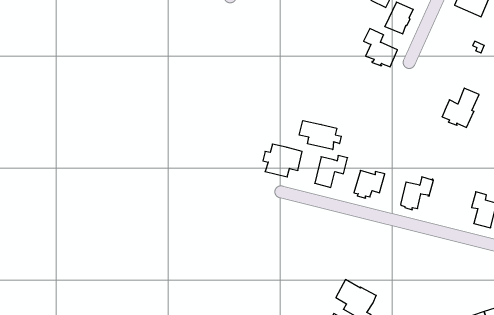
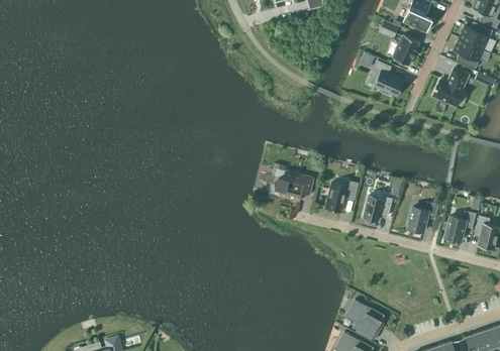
building: none -> [454,38,484,69]
building: [442,88,479,127] -> [432,69,468,106]
building: [299,121,341,150] -> none
building: none -> [444,211,476,241]

